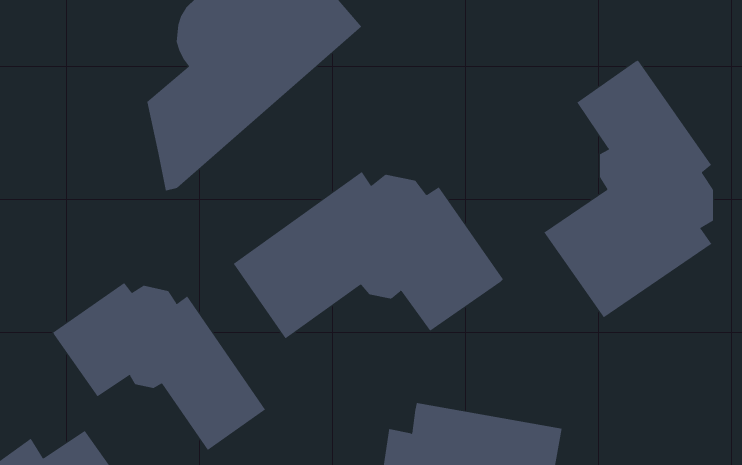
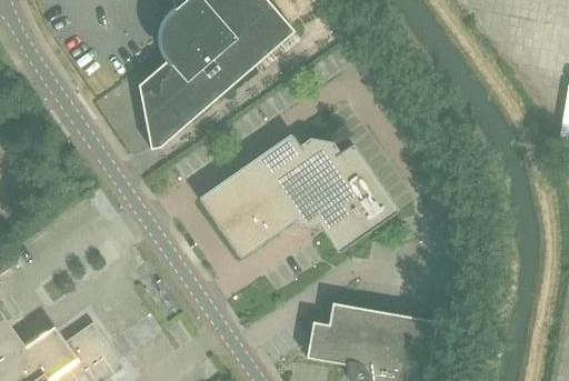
building: [543,60,714,318] -> none
building: [53,282,266,451] -> none

